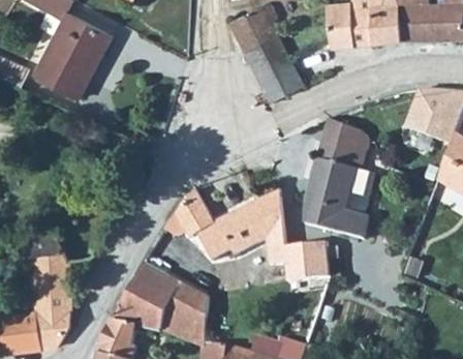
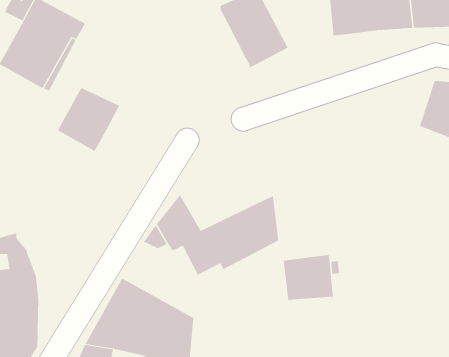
building: [257,58,306,101] -> none
building: none -> [57,87,120,152]
building: [304,119,375,237] -> none

